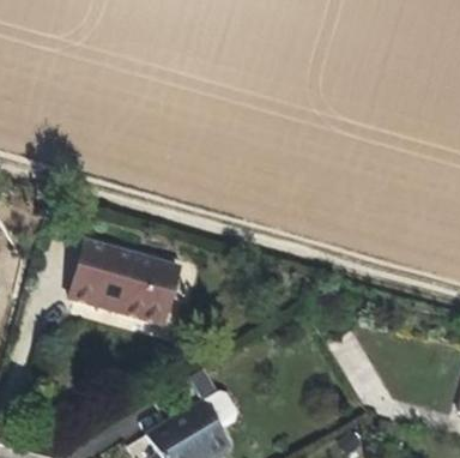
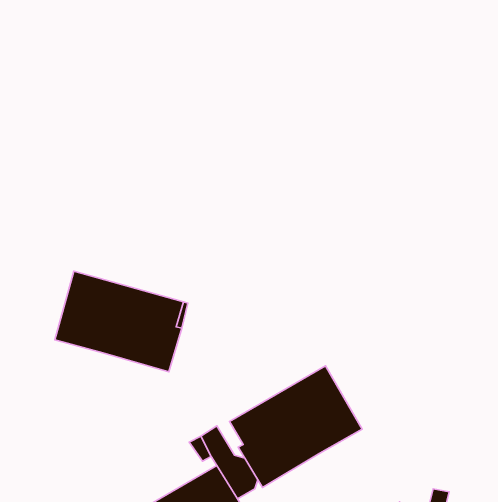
building: none -> [230,366,362,487]

